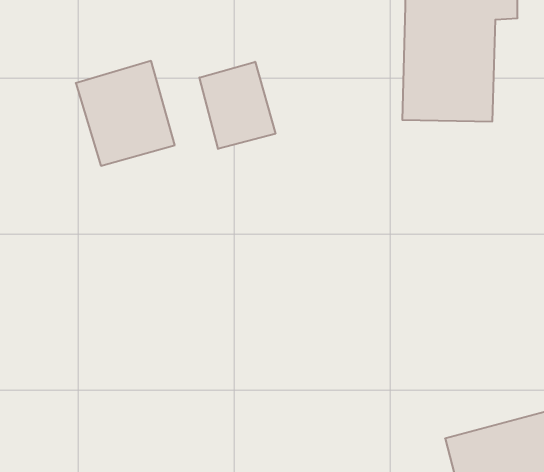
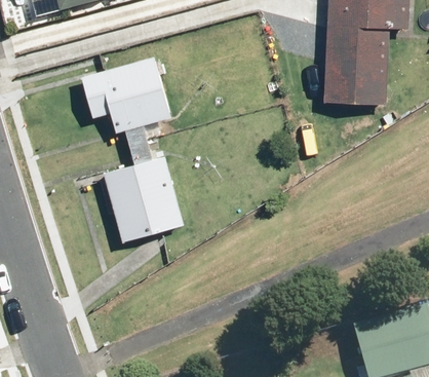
building: [199,62,275,149] -> none
building: none -> [103,157,182,242]

